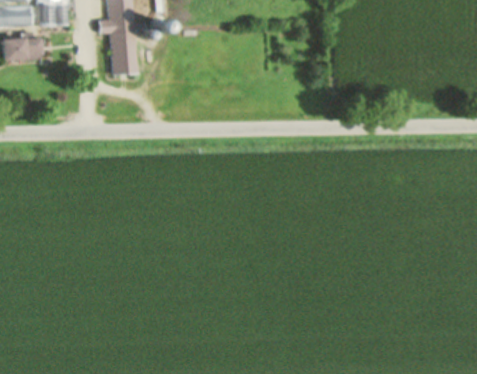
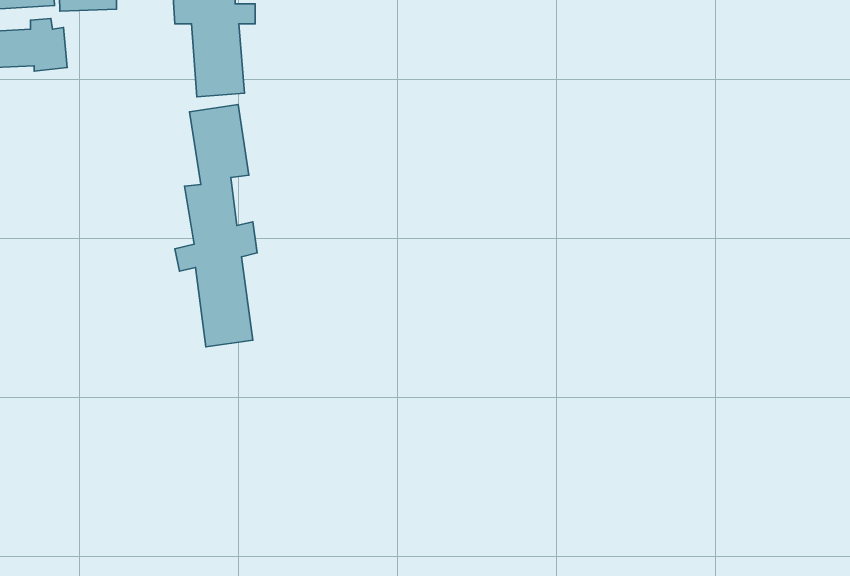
building: none -> [175,105,257,347]

